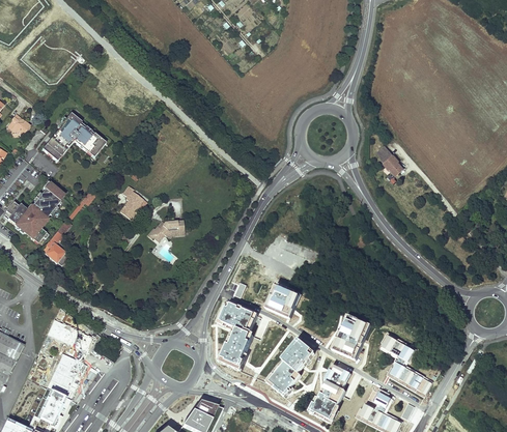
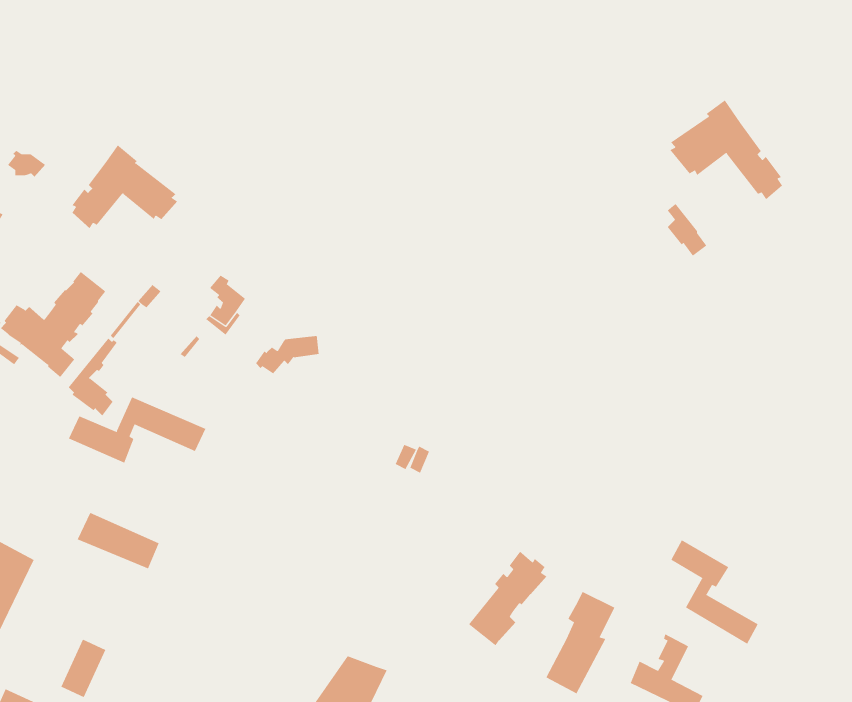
building: none -> [669,99,783,200]
building: none -> [68,397,206,463]
building: [266,285,300,318] -> none
building: [218,301,257,369] -> none
building: [334,315,368,358] -> none
building: [50,352,83,390] -> none

